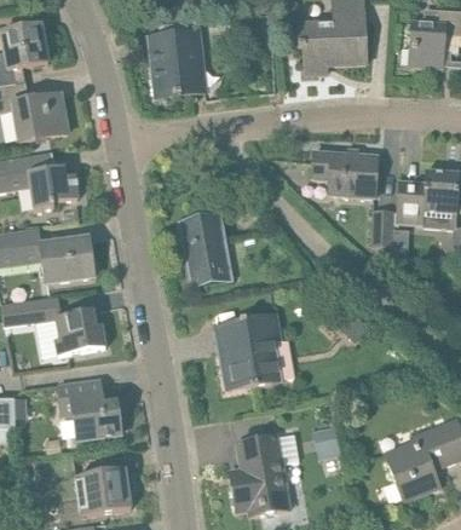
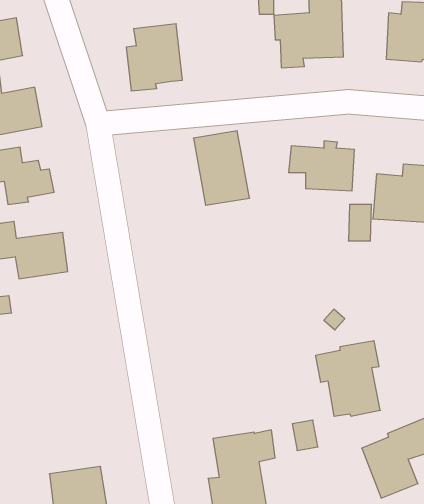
building: [178,213,234,287] -> [193,131,250,205]
building: [54,310,106,356] -> none
building: [217,312,281,387] -> [316,341,380,416]
building: [58,379,121,440] -> none

